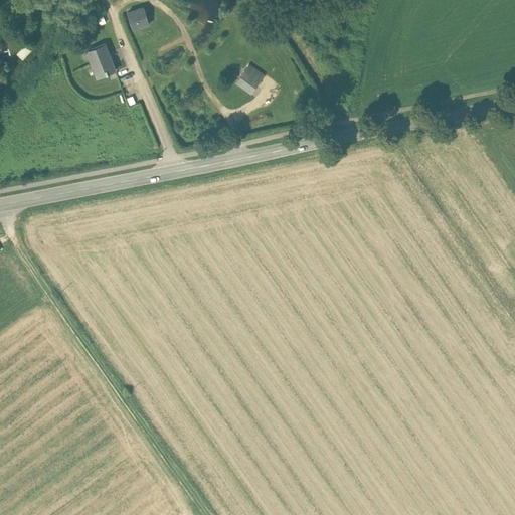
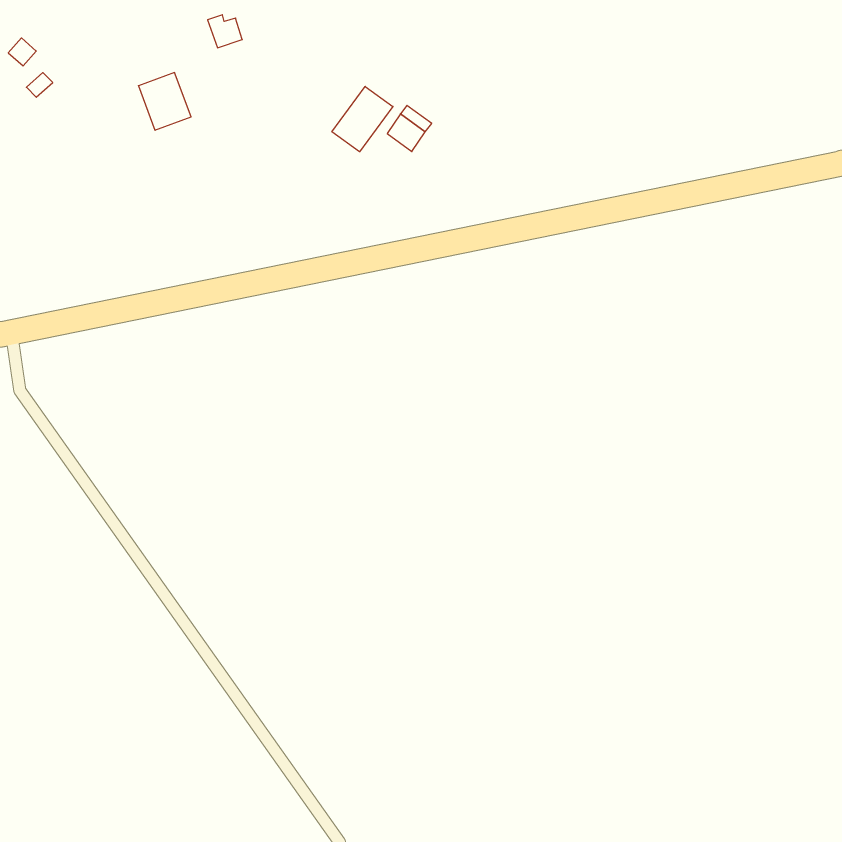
building: none -> [332,86,393,152]

